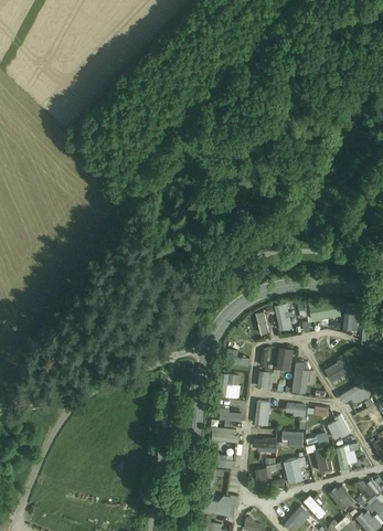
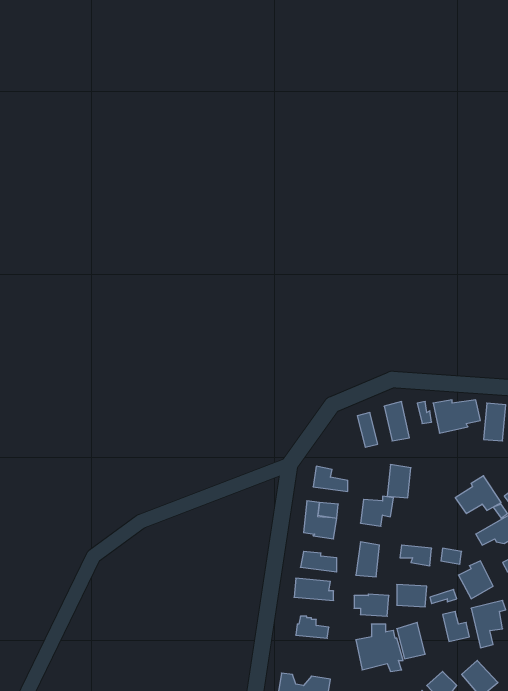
building: [291,362,318,394] -> none

